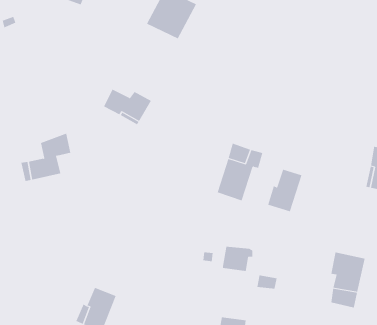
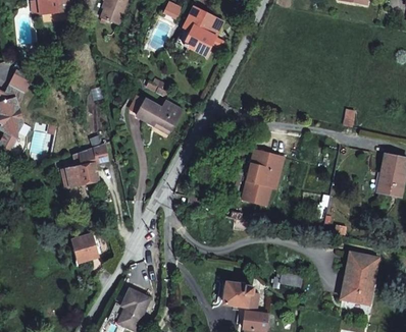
building: [268,169,302,212] -> none
building: none -> [71,234,96,262]
building: [222,246,253,272] -> [222,283,251,307]

